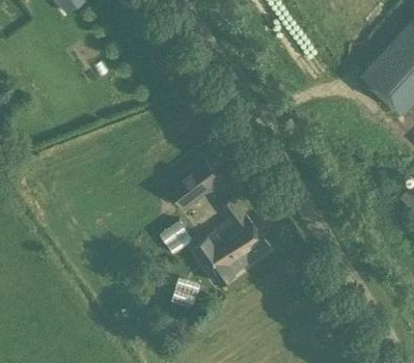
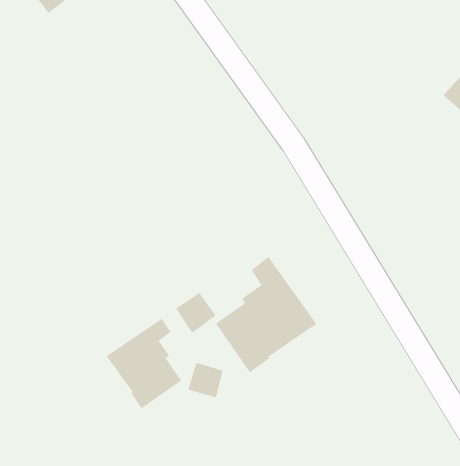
building: [169,158,222,208] -> none
building: none -> [106,318,182,409]

